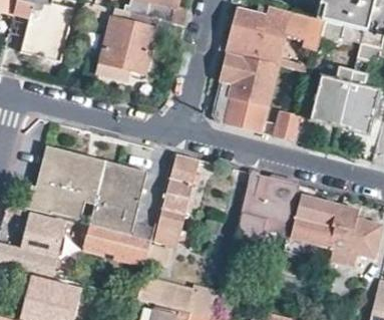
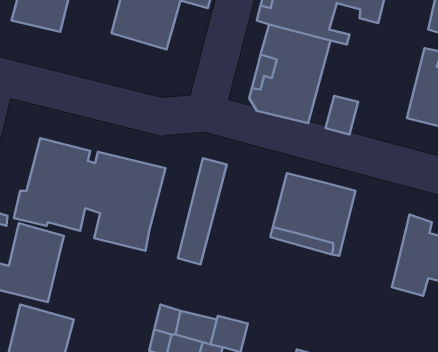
building: [312,68,354,128] -> none
building: [290,196,342,248] -> none
building: [80,223,151,261] -> none

